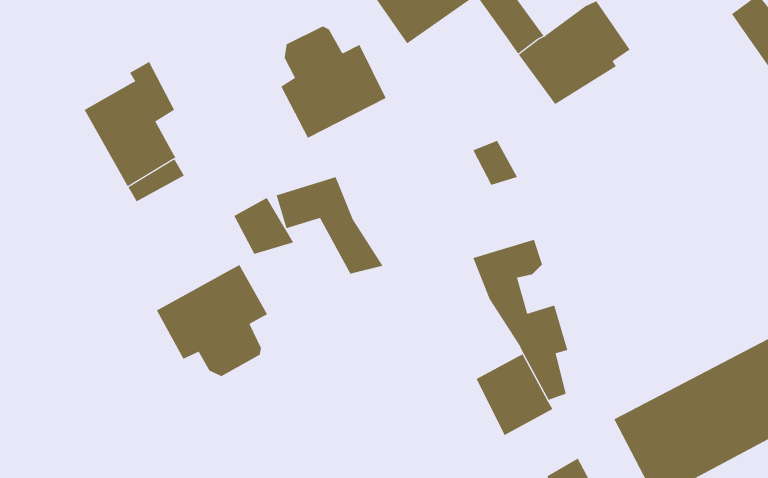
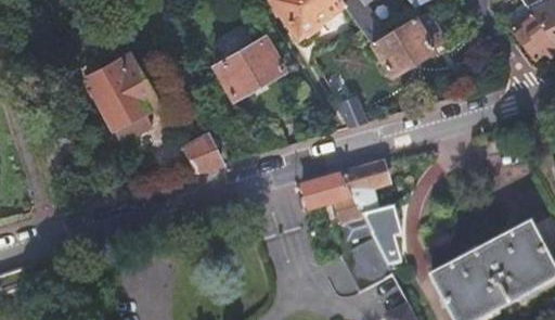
building: [276,177,383,274] -> [300,172,370,235]
building: [156,264,268,377] -> none

